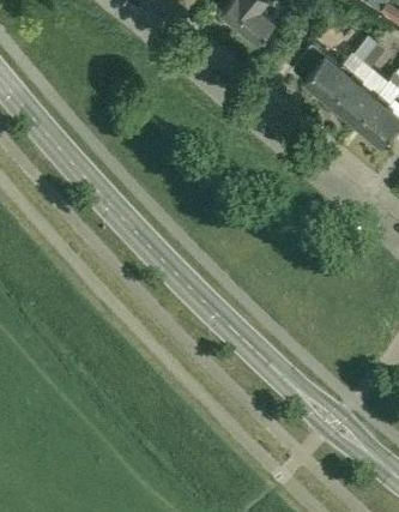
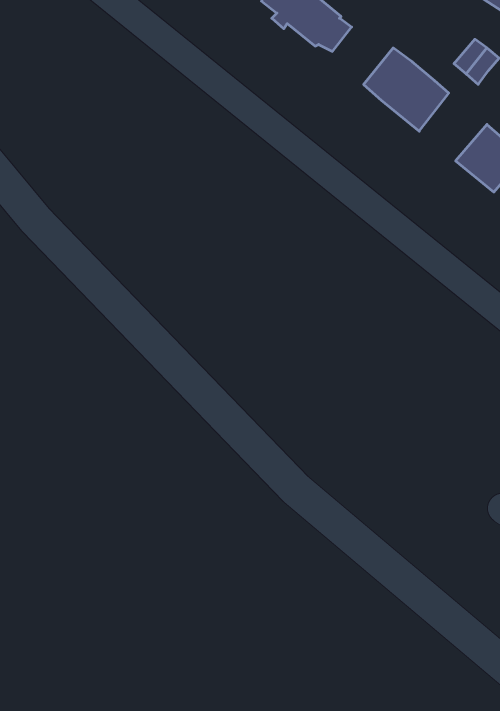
building: [330,71,376,120] -> none

